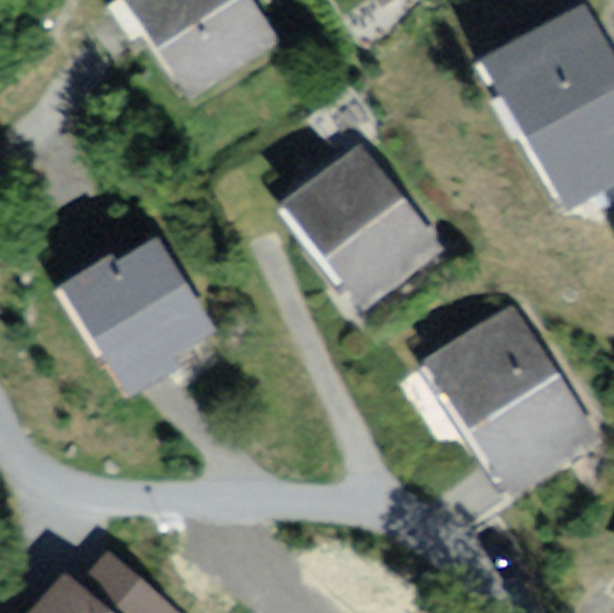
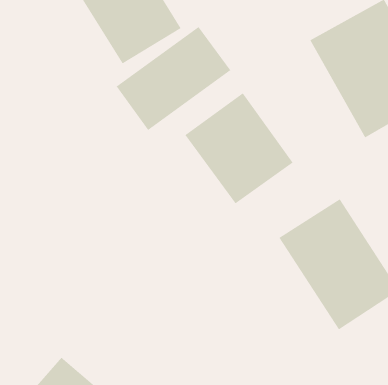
building: none -> [116,26,231,131]
building: [50,227,215,392] -> none

